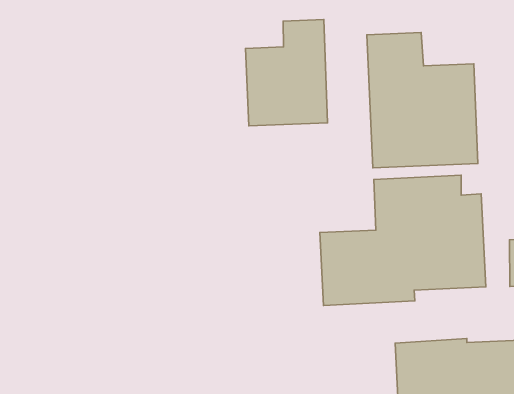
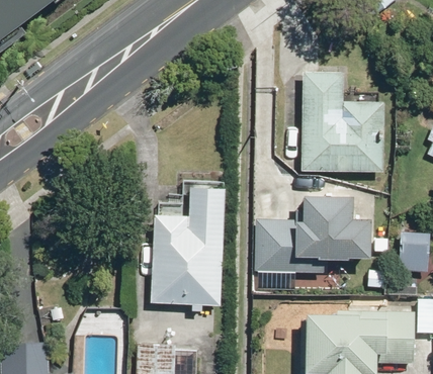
building: [246,19,328,126] -> none
building: none -> [146,191,222,314]

